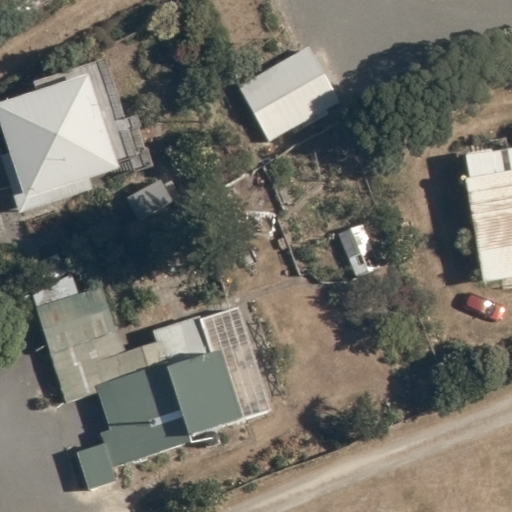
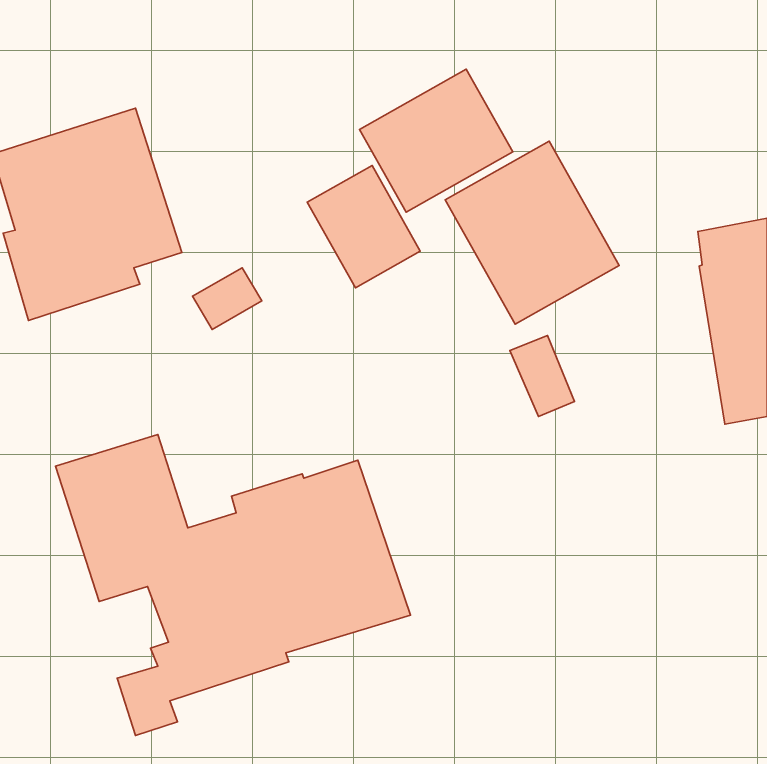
building: none -> [445,141,619,324]
building: none -> [307,166,420,288]

